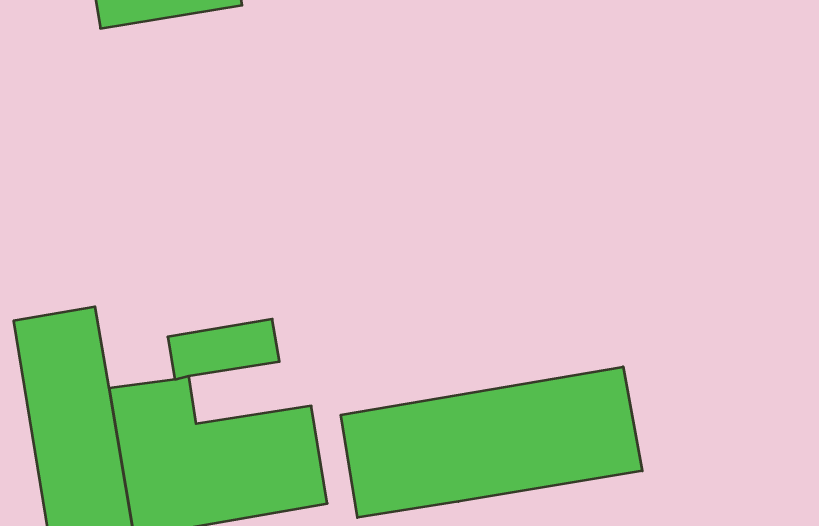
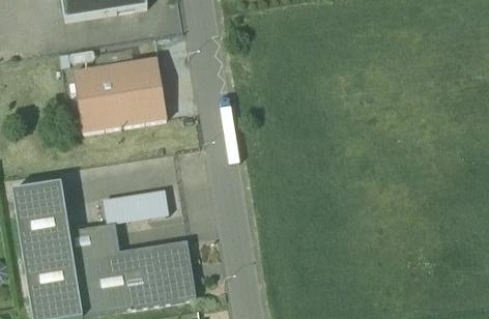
building: none -> [71,57,167,133]
building: [341,367,642,518] -> none

